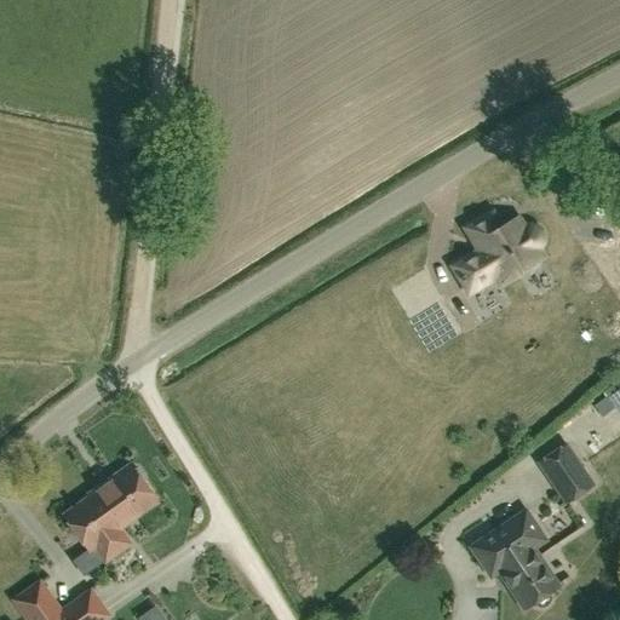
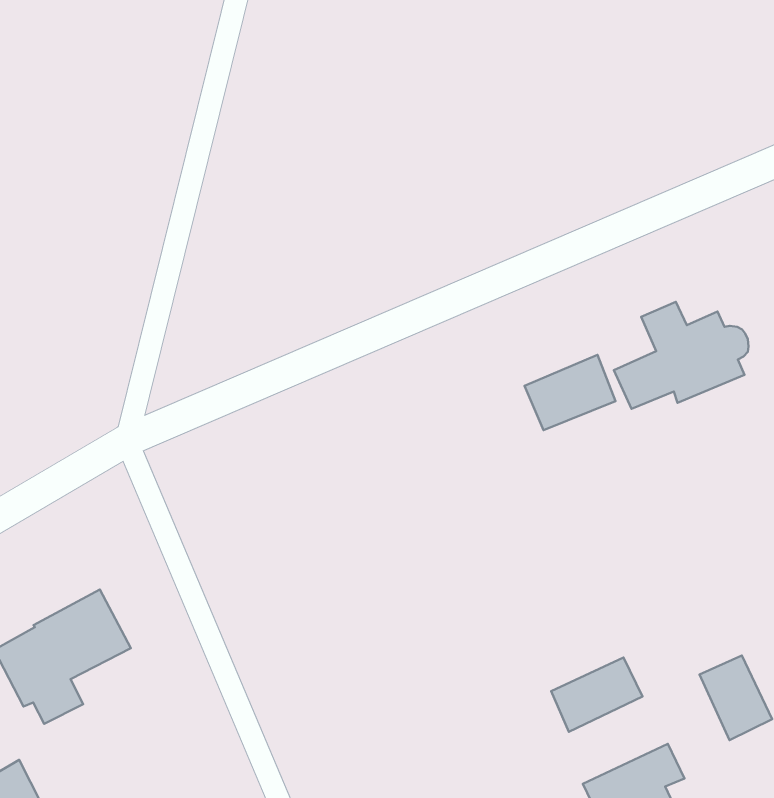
building: none -> [524,355,616,430]
building: none -> [551,658,643,732]

